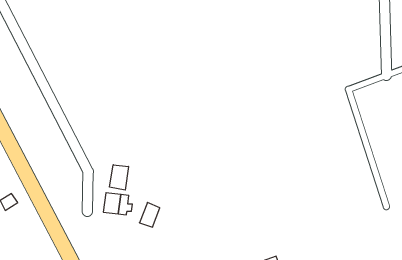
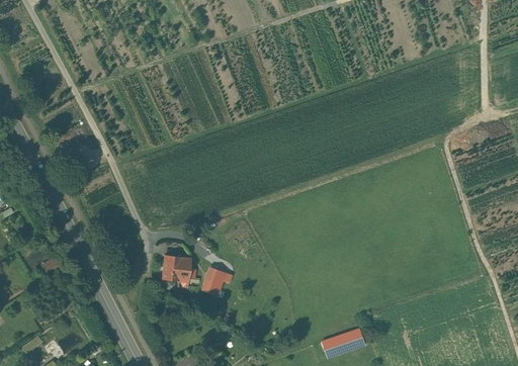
building: [110,165,128,190] -> none

